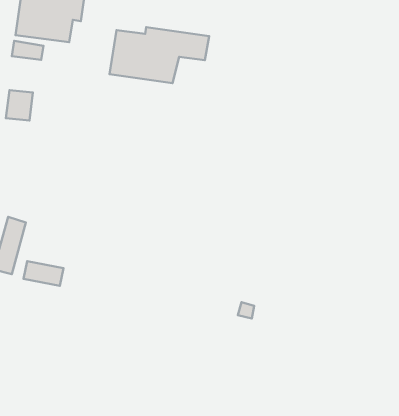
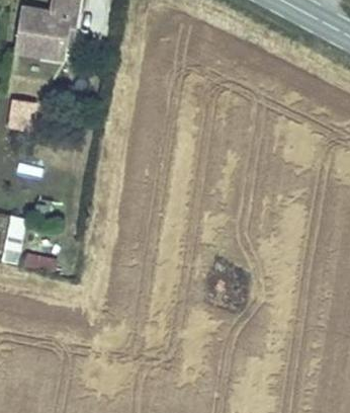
building: [109,27,209,83] -> none

